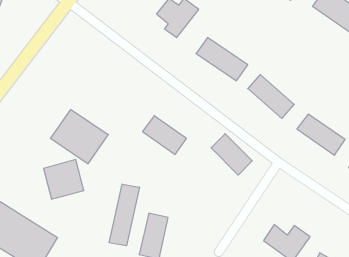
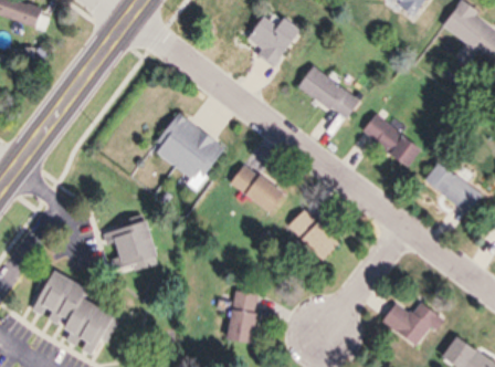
building: [50,109,108,164] -> [151,114,224,182]
building: [211,134,252,175] -> [286,209,338,261]
building: [109,184,139,246] -> none

